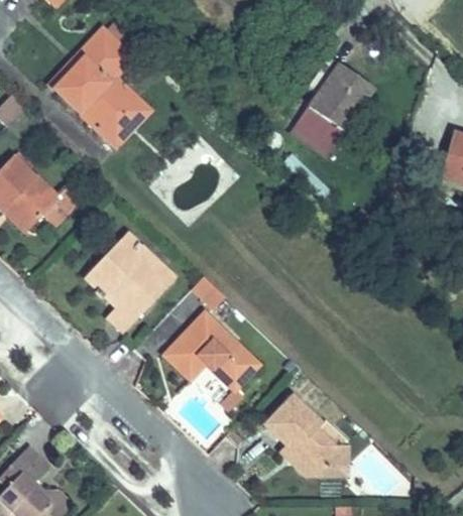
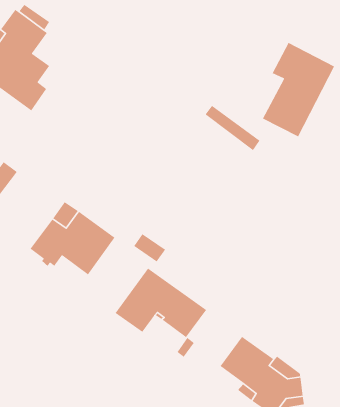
building: [291,56,373,156] -> [262,42,335,137]
building: [105,92,149,146] -> none
building: [106,289,141,333] -> none

